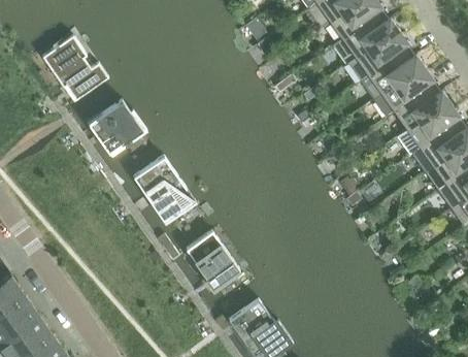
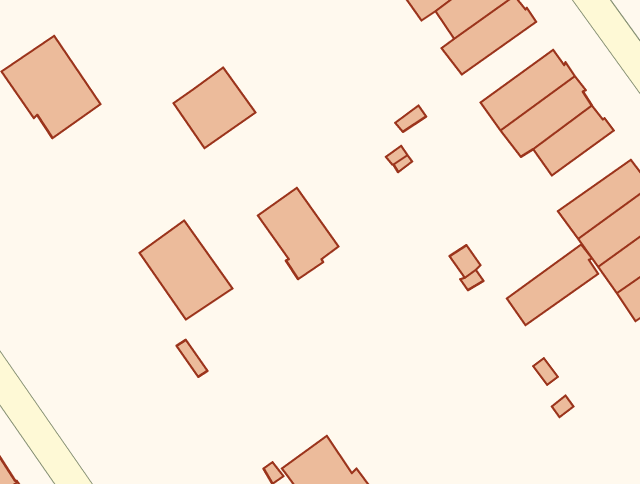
building: [347,26,408,79] -> none
building: [399,98,460,152] -> [507,244,598,325]
building: [88,102,142,156] -> [173,67,256,148]
building: [186,233,239,294] -> [258,188,339,279]

